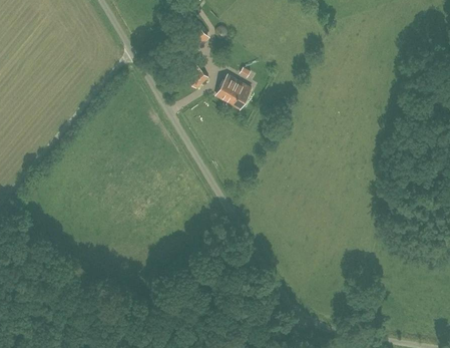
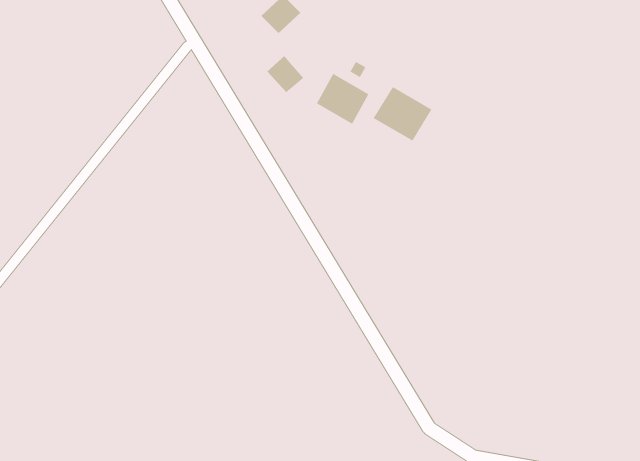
building: none -> [373,86,432,142]

